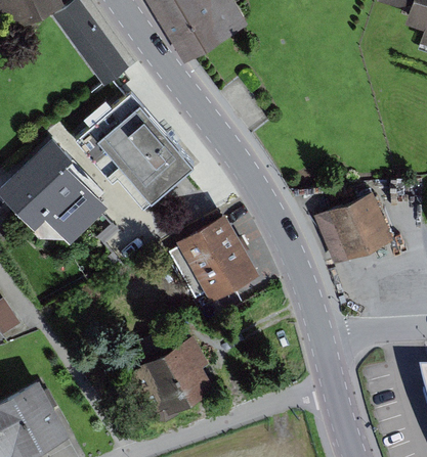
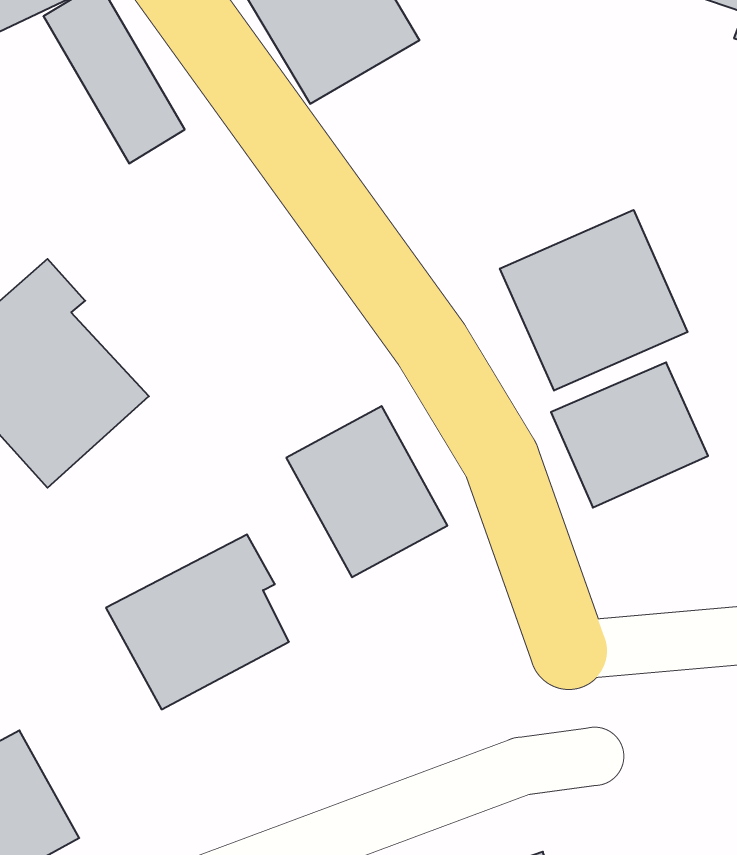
building: [77,93,196,209] -> none
building: none -> [500,210,688,391]
building: [122,337,216,427] -> [106,534,289,709]

